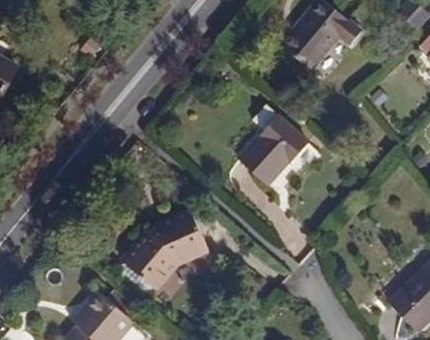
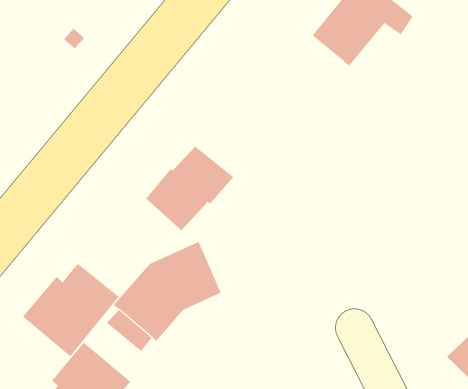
building: [238,117,309,186] -> [145,146,234,231]
building: none -> [22,263,120,357]

